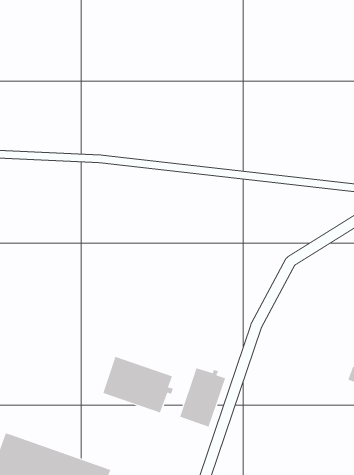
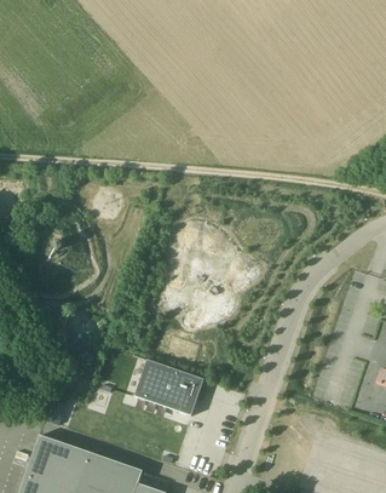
building: [179,368,226,428] -> none

